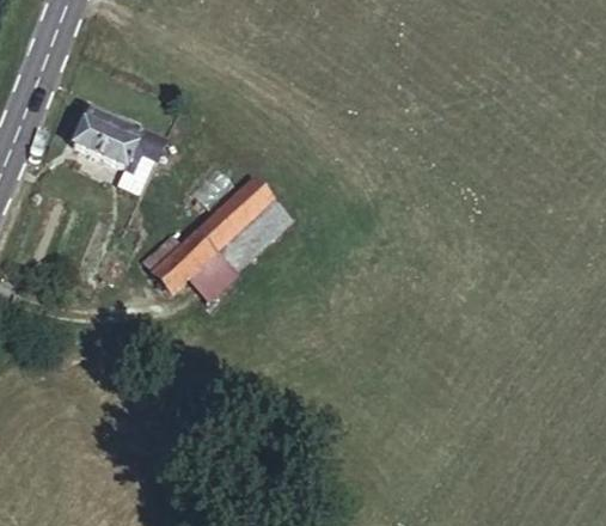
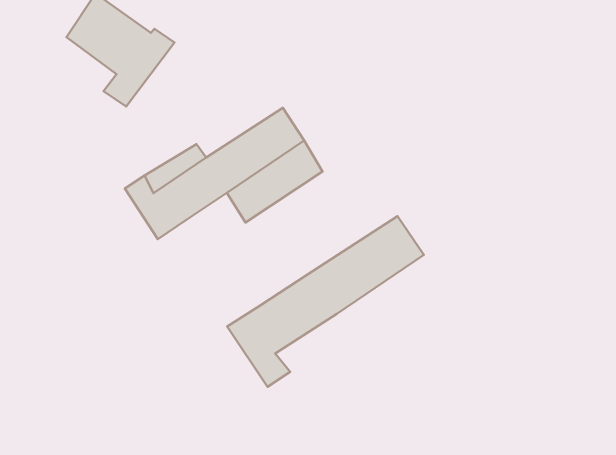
building: none -> [227,216,424,387]
building: [191,250,240,299] -> none

